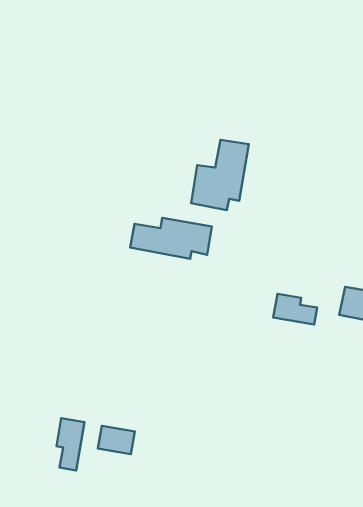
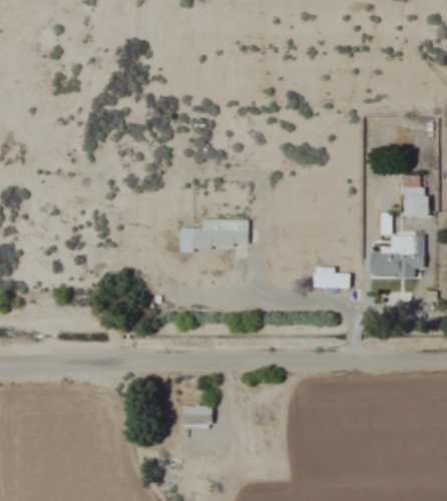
building: [191,140,249,210] -> none
building: [56,418,84,470] -> none

